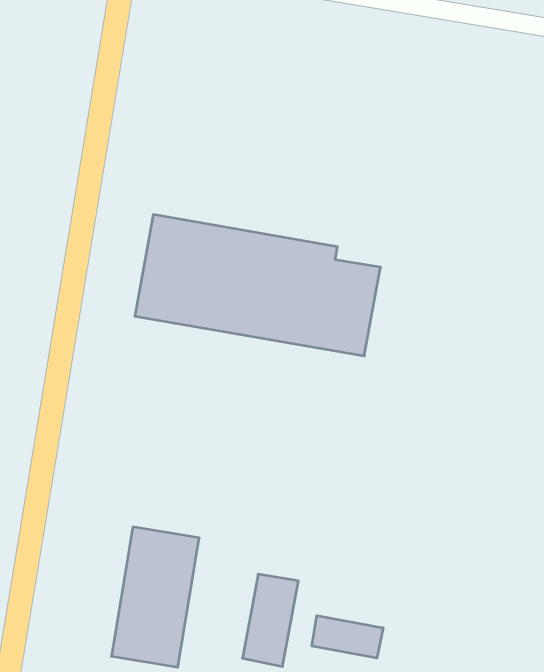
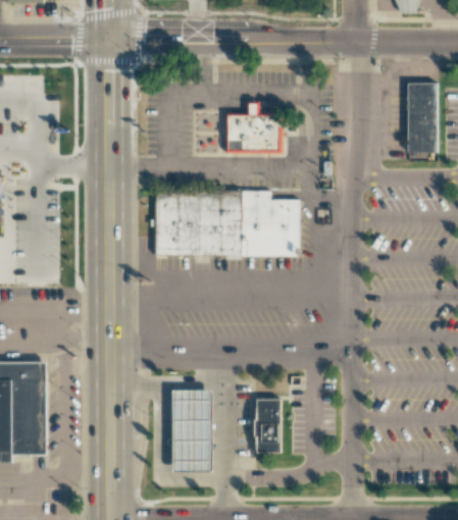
building: none -> [227,110,283,150]
building: [312,616,383,658] -> none

